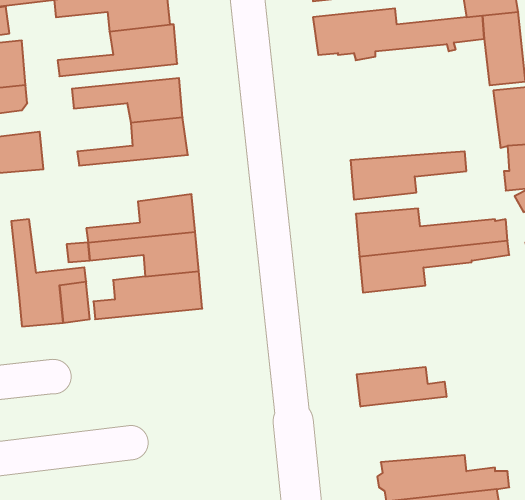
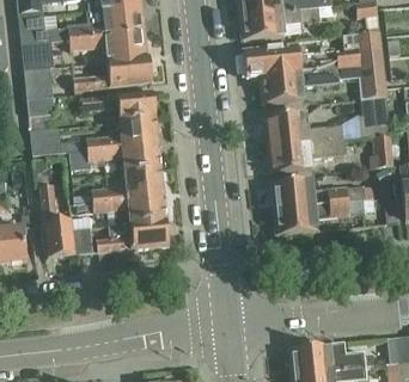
building: none -> [258,68,338,103]
building: none -> [263,113,343,146]
building: none -> [85,142,160,173]
building: [357,367,446,407] -> none

